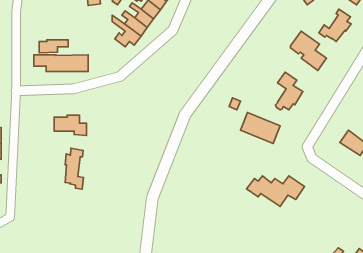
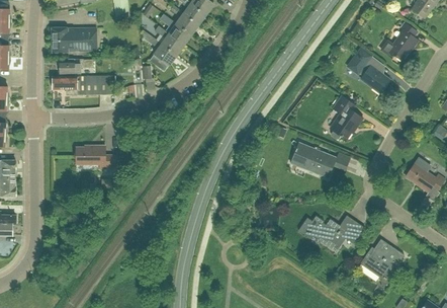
building: none -> [51,26,96,52]
building: [65,148,84,189] -> none
building: none -> [359,238,404,277]

